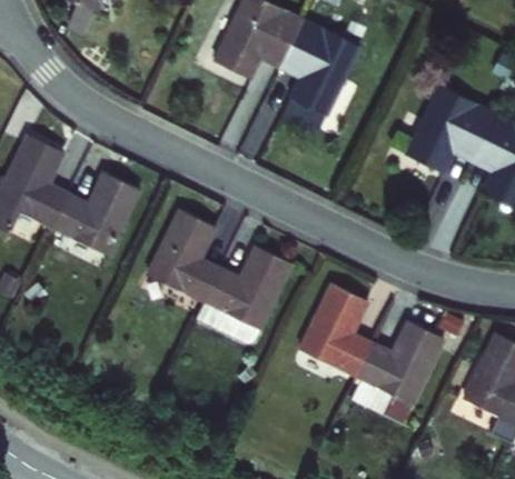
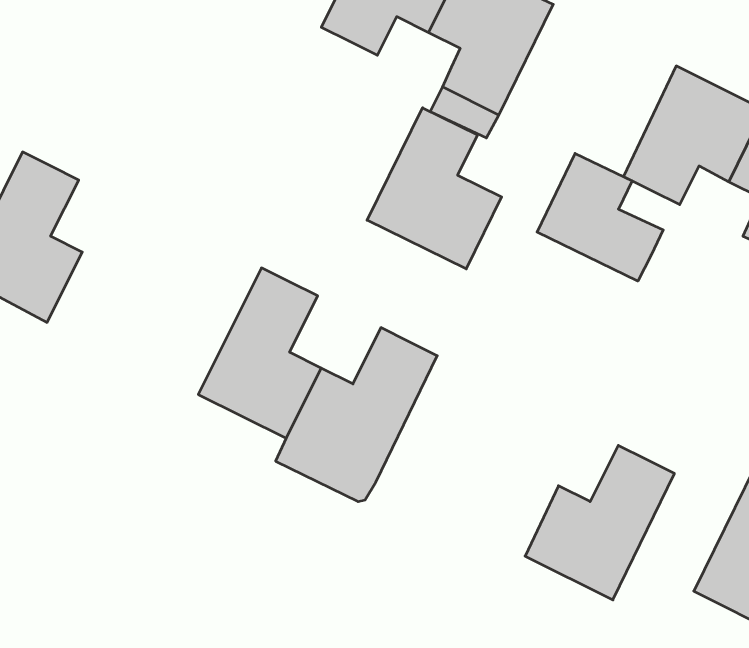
building: none -> [367,108,502,269]
building: none -> [537,153,663,281]
building: [44,170,140,268] -> none
building: [290,281,368,388] -> none

